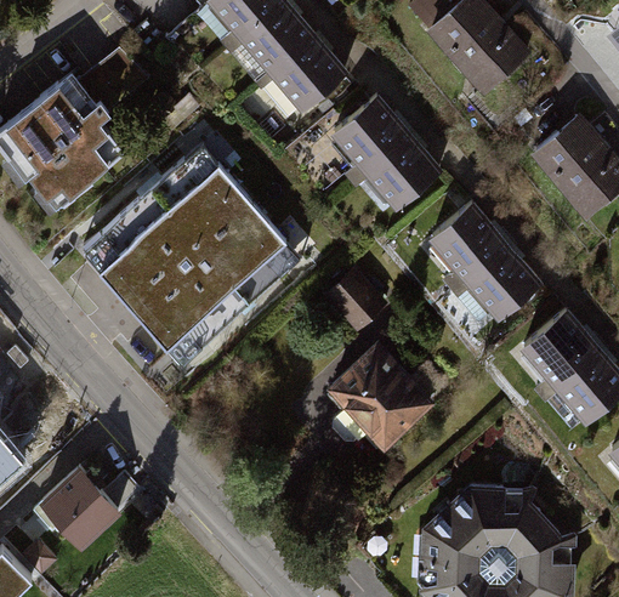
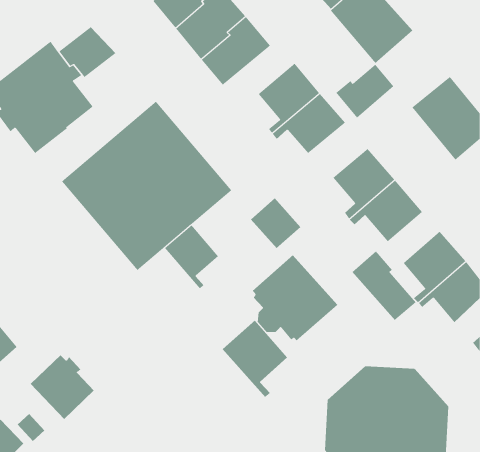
building: none -> [335,64,394,118]
building: none -> [164,225,219,289]
building: none -> [351,250,417,321]
building: none -> [222,320,288,398]

